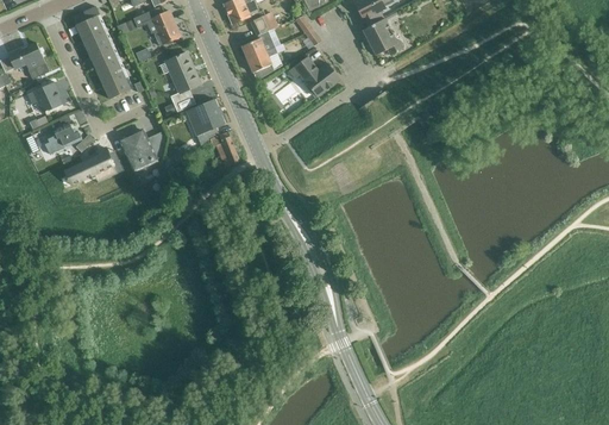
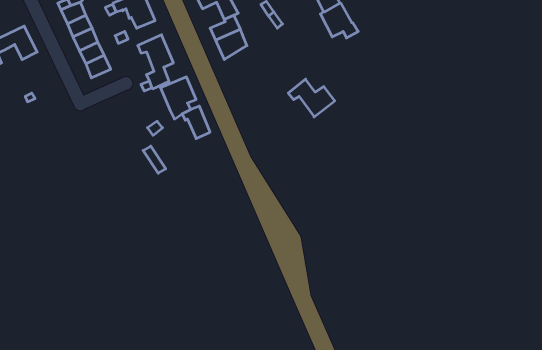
building: [288,55,339,96] -> [288,79,335,117]
building: [29,82,62,113] -> none
building: [45,115,82,154] -> none
building: [120,130,167,170] -> none
building: [64,148,113,185] -> none

